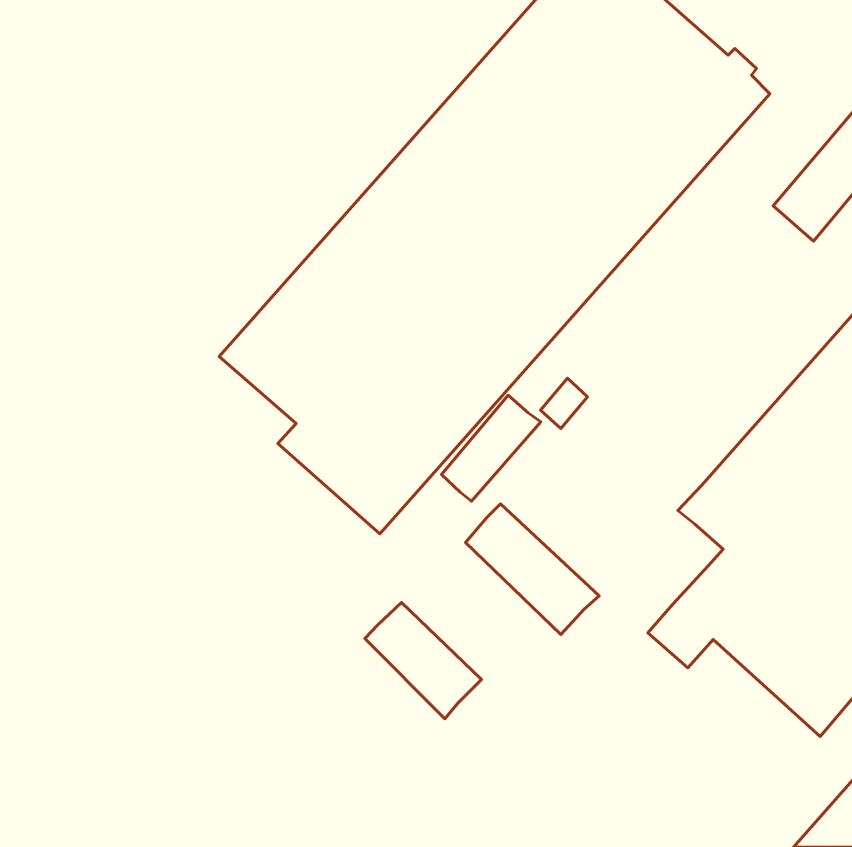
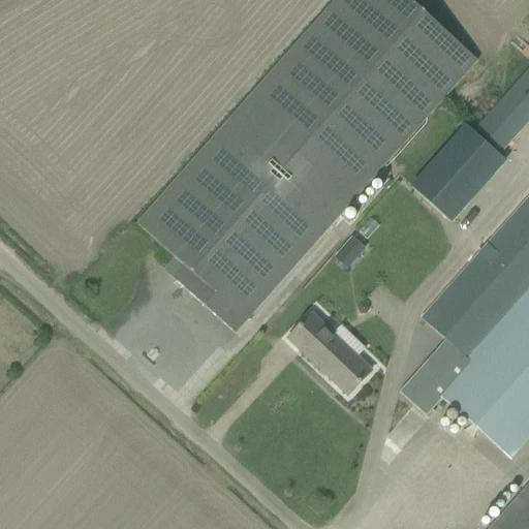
building: none -> [411,122,507,220]
building: [441,395,541,501] -> none
building: [365,602,481,719] -> none

